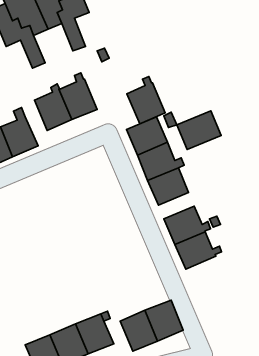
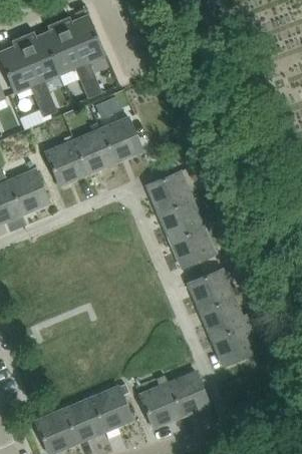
building: [127,76,165,124] -> [100,110,142,162]
building: [177,111,221,149] -> none
building: none -> [212,320,259,366]

